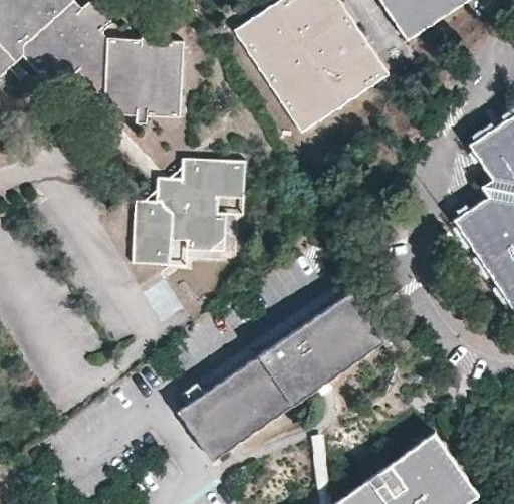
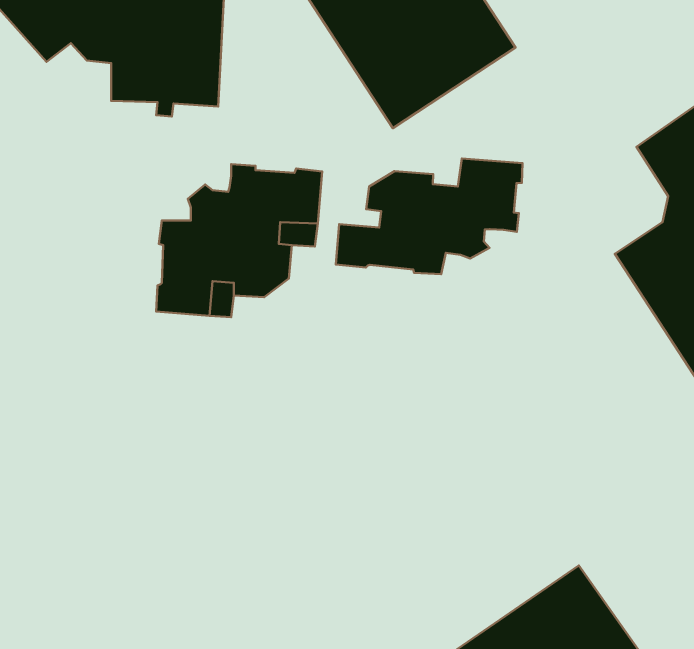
building: none -> [336,158,522,274]
building: [179,292,383,458] -> none

